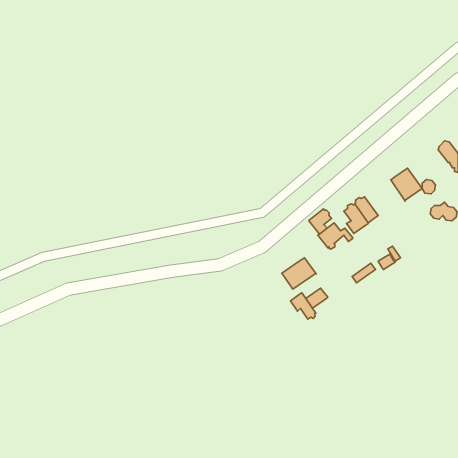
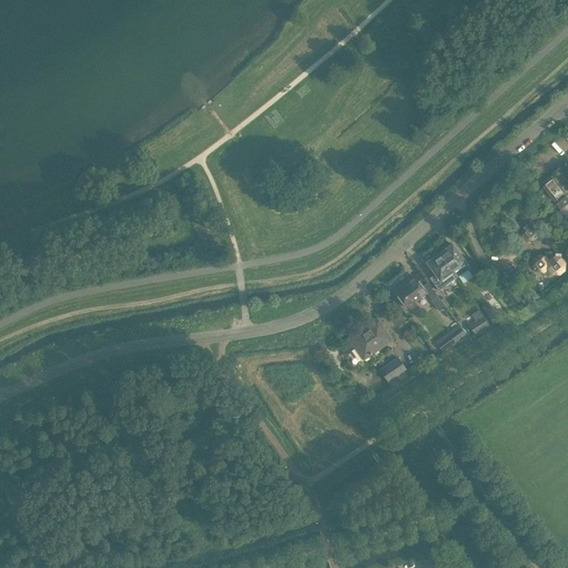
building: [391,168,422,201] -> none
building: [309,209,331,234] -> none
building: [290,293,316,319] -> none

